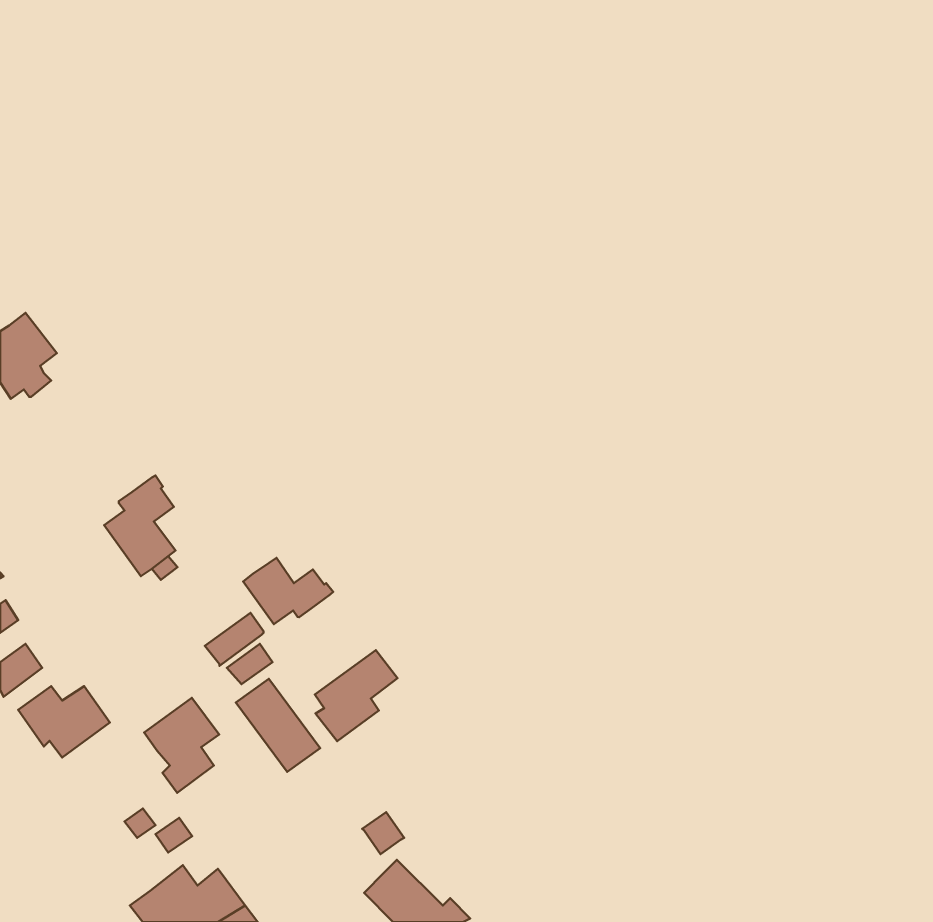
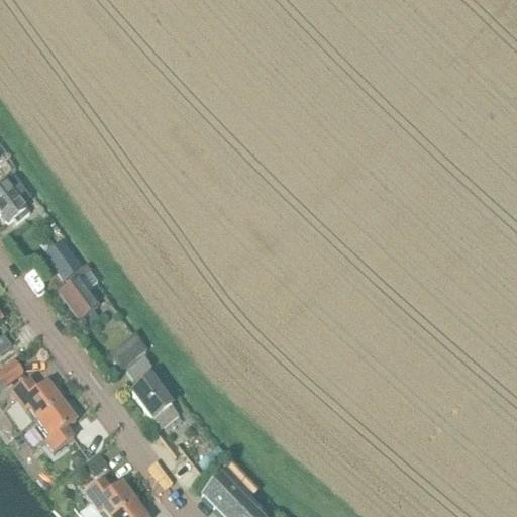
building: none -> [45,239,80,276]
building: [243,558,333,624] -> none
building: [315,650,397,741] -> none
building: [144,698,219,793] -> [35,399,77,451]

